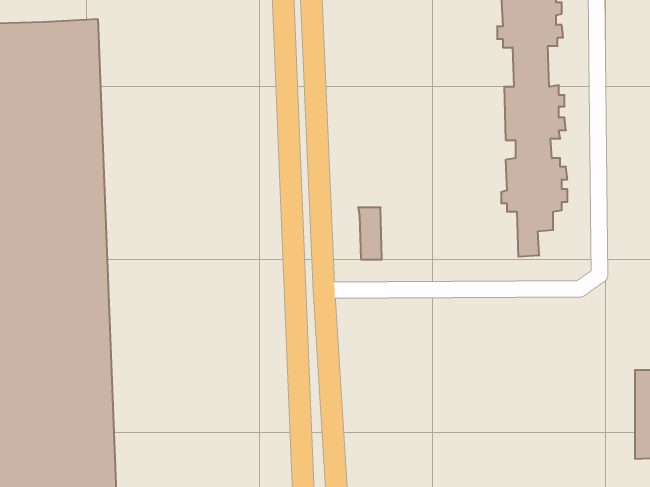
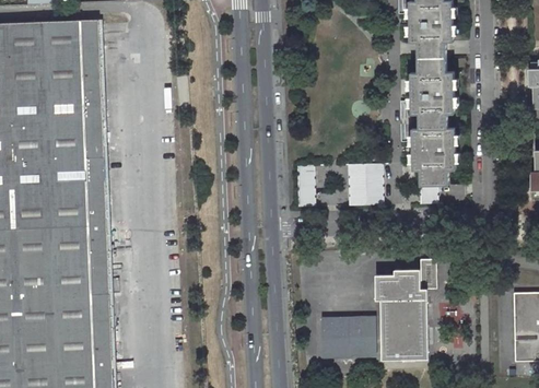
building: none -> [350,163,384,204]
building: none -> [376,260,437,361]
building: none -> [324,321,374,356]

